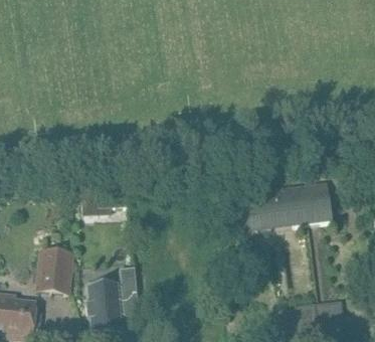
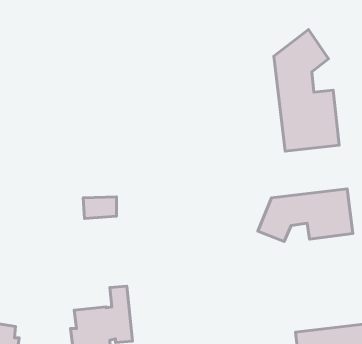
building: none -> [274,29,339,151]
building: [35,247,71,292] -> none

